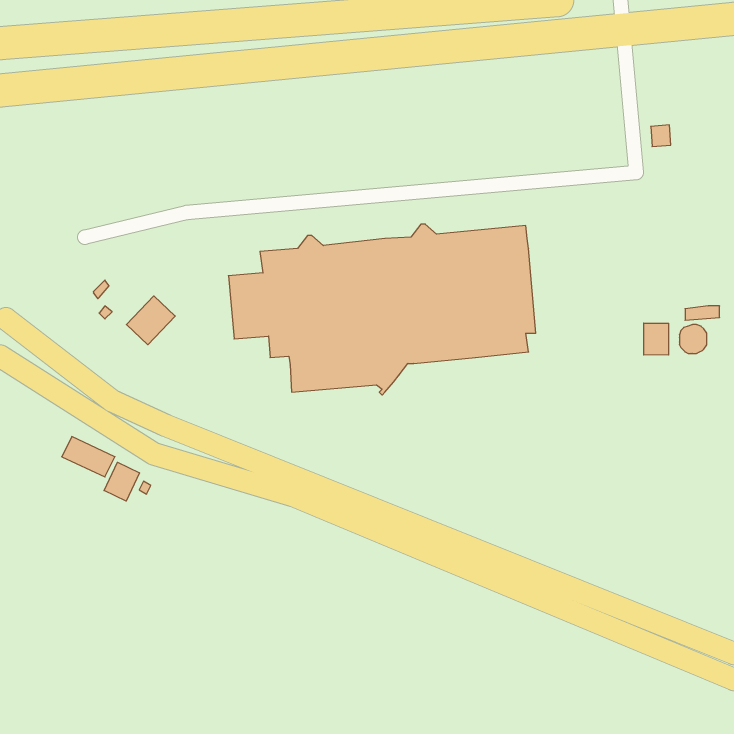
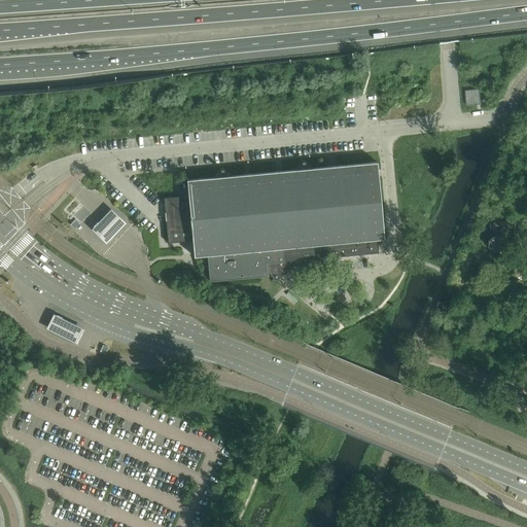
building: [644,323,669,355] -> none
building: [104,462,139,501] -> none

